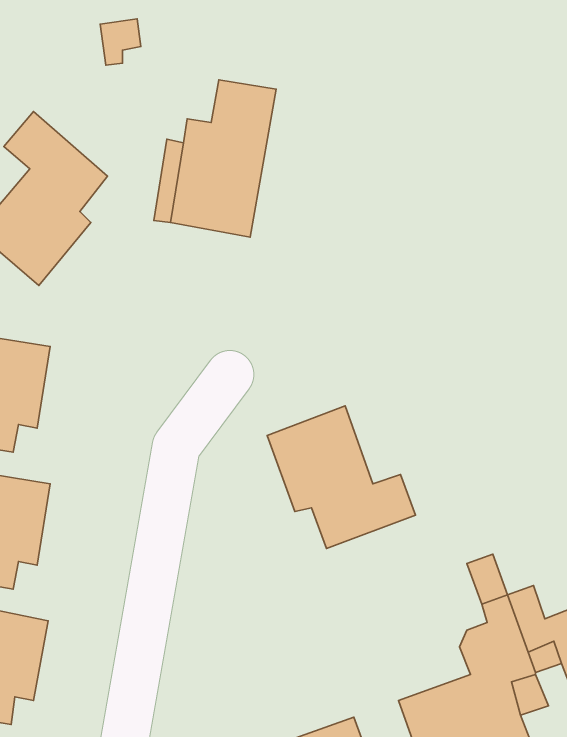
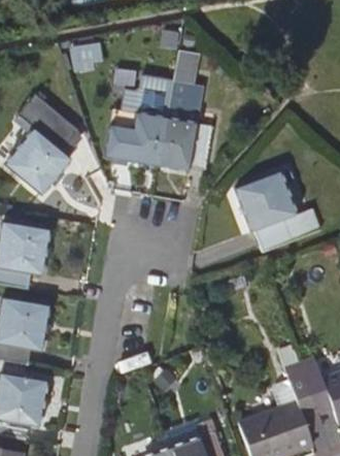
building: none -> [159,56,213,171]
building: [267,406,415,549] -> [238,171,320,251]

